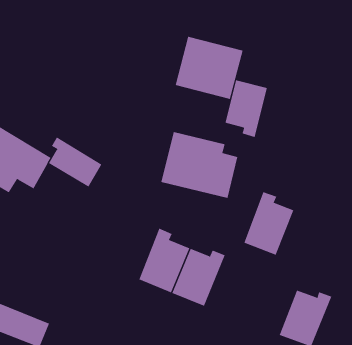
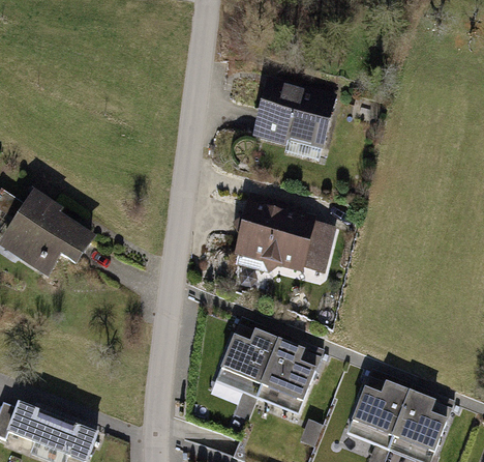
building: [225,79,268,138] -> none
building: [48,136,102,187] -> none
building: [243,191,294,256] -> [342,371,404,450]

